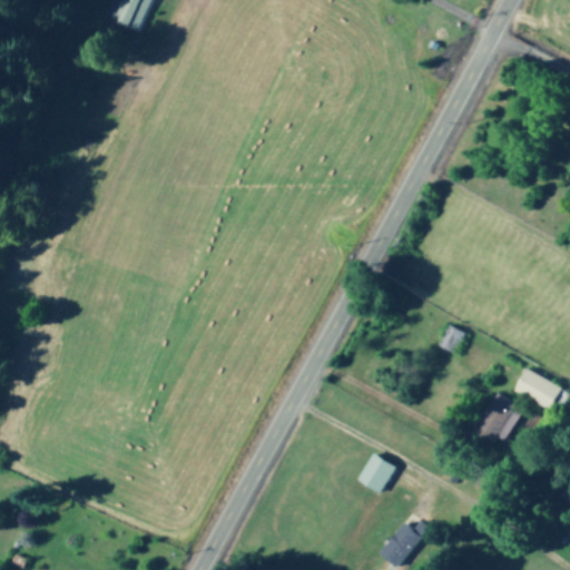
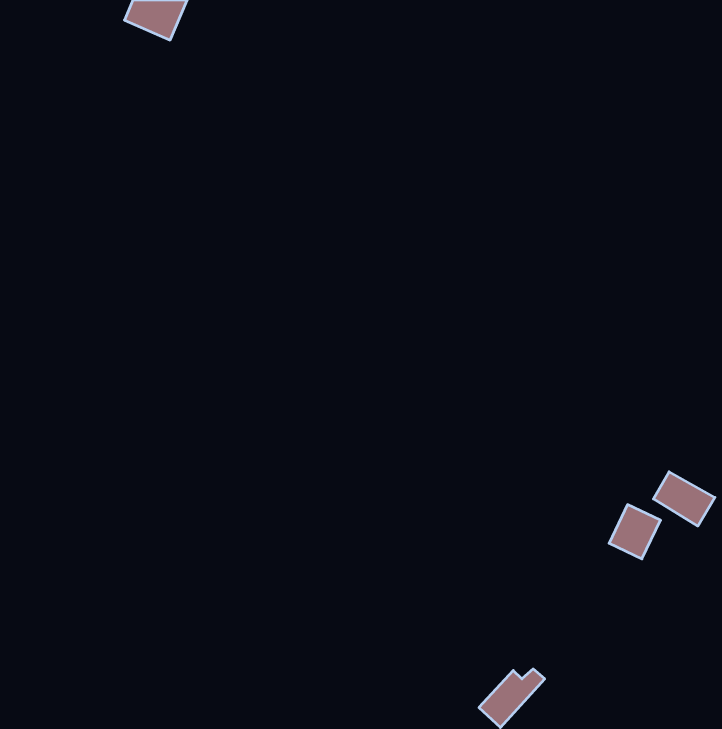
building: [439,325,466,354] -> none
building: [358,454,396,494] -> none

